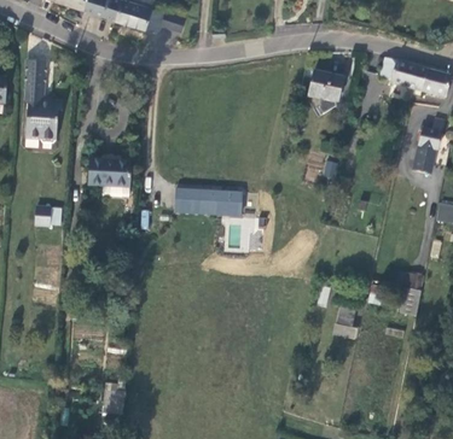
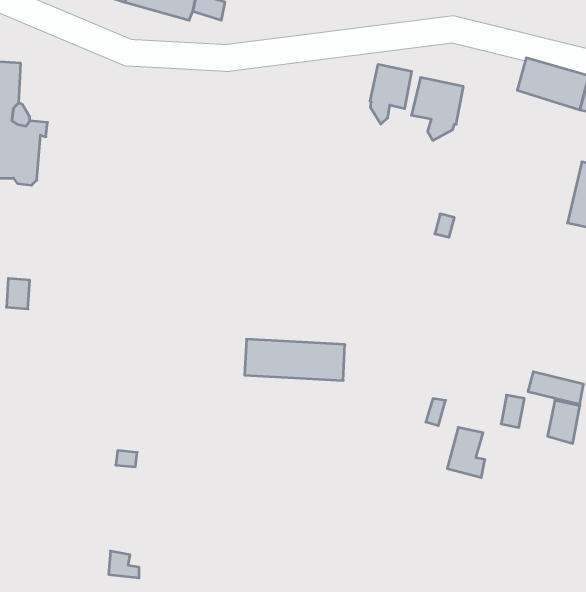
building: none -> [370,64,412,124]
building: [88,158,130,187] -> none
building: [175,189,243,217] -> [245,339,345,380]

